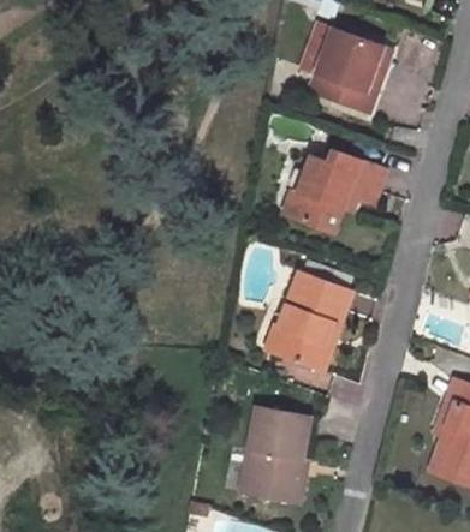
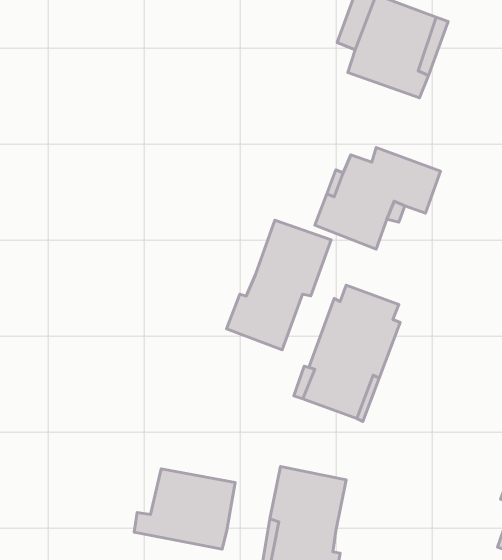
building: none -> [227,220,331,350]
building: none -> [134,469,235,549]

